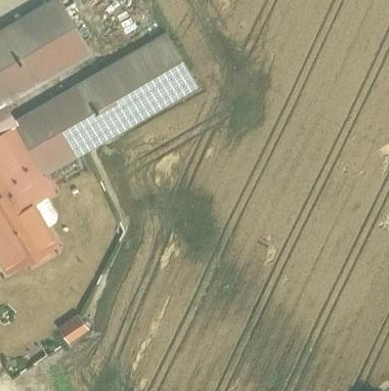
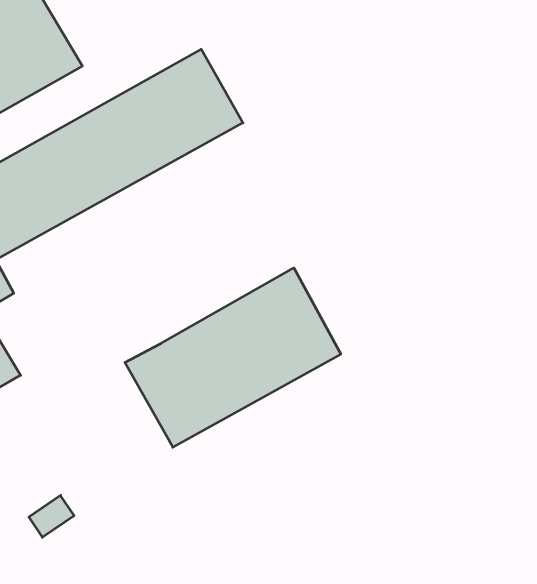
building: none -> [125,268,341,447]

